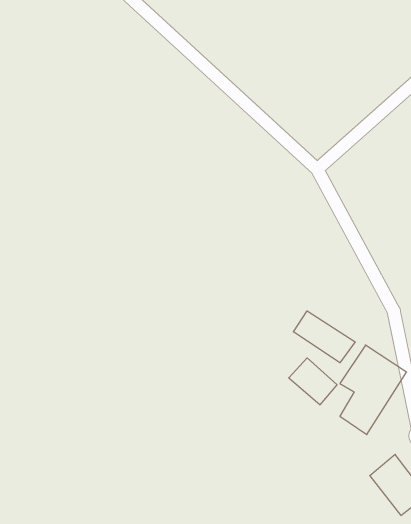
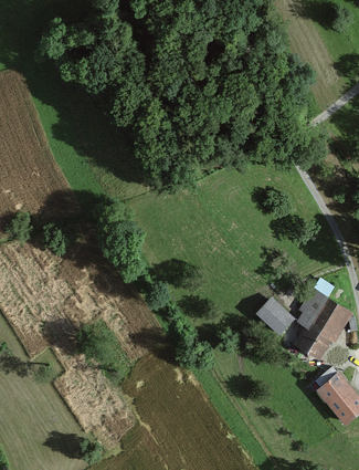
building: [293,311,355,363] -> none

